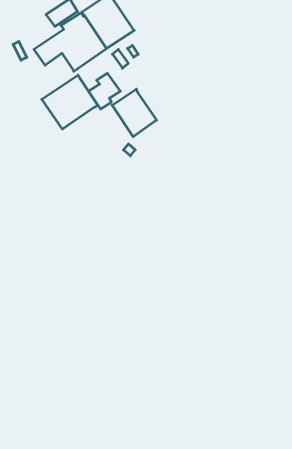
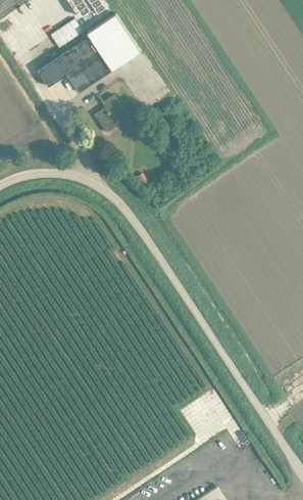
building: [42,75,98,129] -> none
building: [112,89,157,137] -> none

